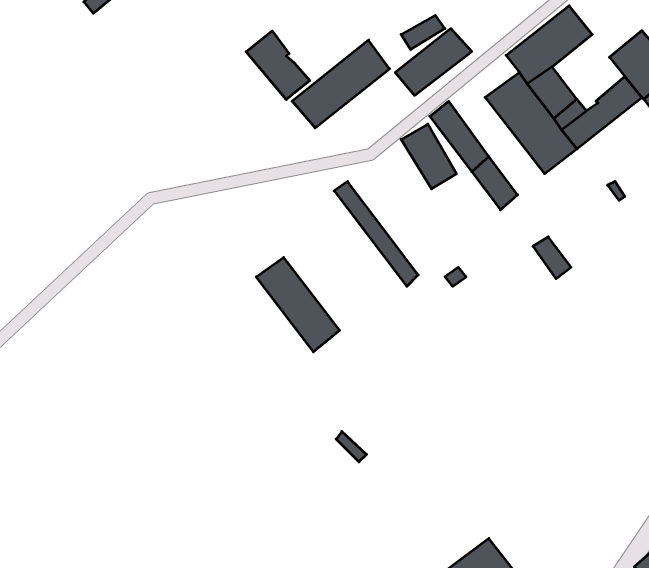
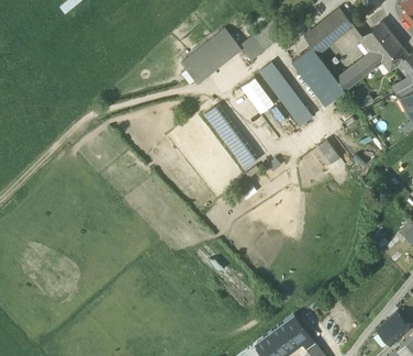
building: [246,31,310,100] -> none
building: [256,257,340,352] -> none

